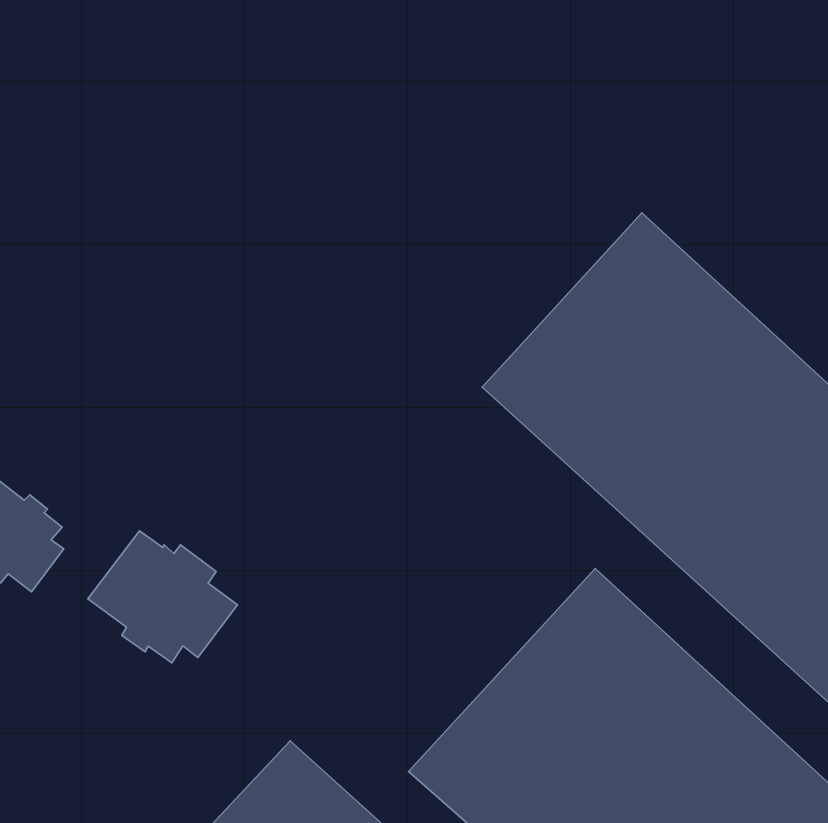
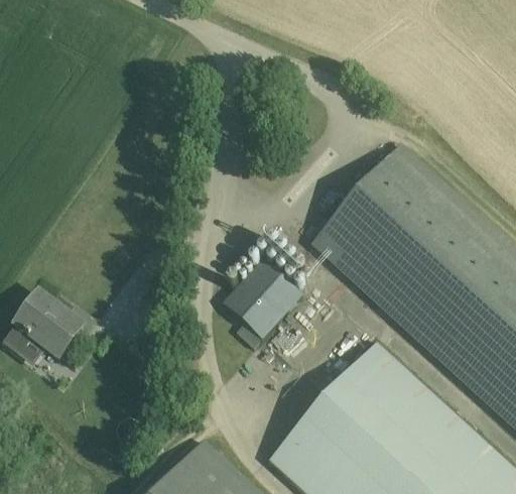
building: none -> [223,258,301,339]
building: [88,531,238,663] -> none

